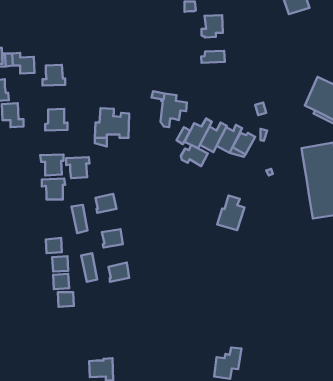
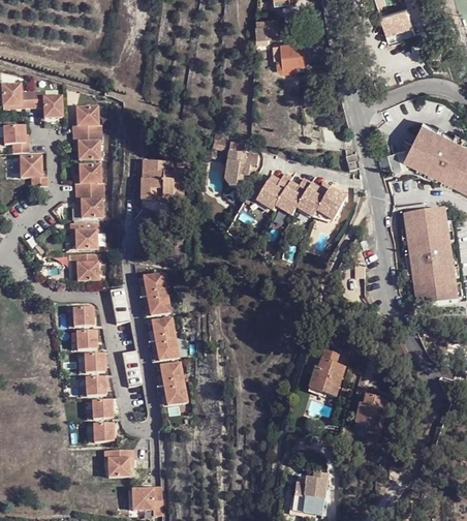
building: [201,51,225,63] -> none
building: none -> [71,131,101,159]
building: [181,145,208,166] -> none
building: [66,157,89,178] -> [74,189,104,216]
building: [217,196,244,230] -> [310,350,345,395]
building: none -> [142,292,170,315]
building: none -> [72,306,93,326]
building: none -> [150,337,179,361]
building: none -> [158,380,187,405]
building: none -> [359,394,386,434]
building: none -> [92,422,113,441]
building: none -> [103,449,133,476]

